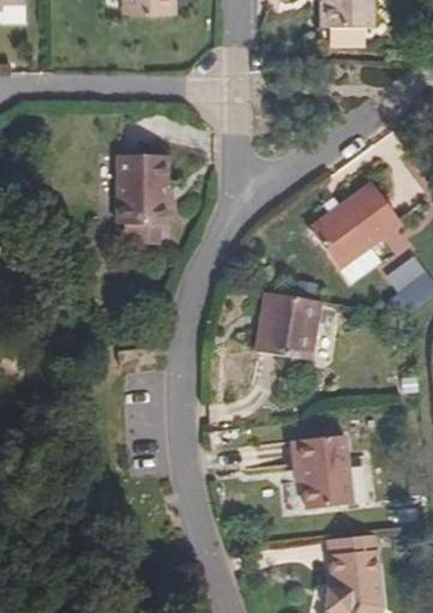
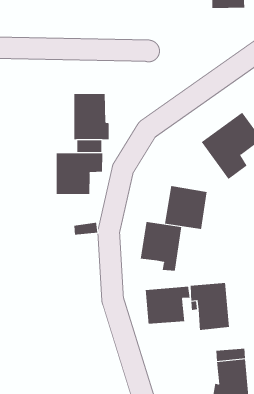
building: none -> [56,153,103,195]
building: none -> [140,221,182,271]
building: none -> [145,286,190,325]

